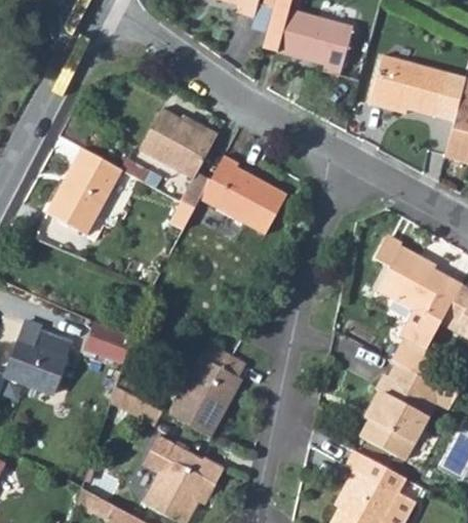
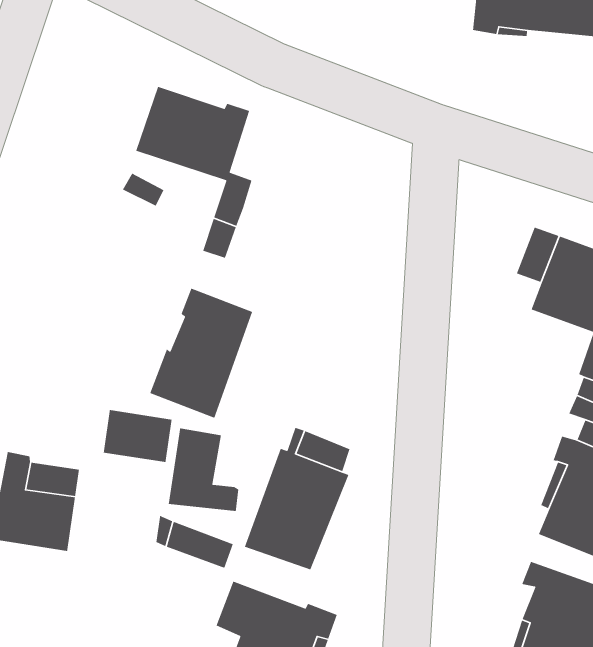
building: [47,147,122,234] -> [149,287,253,419]
building: [201,152,288,231] -> none
building: none -> [168,427,239,512]

